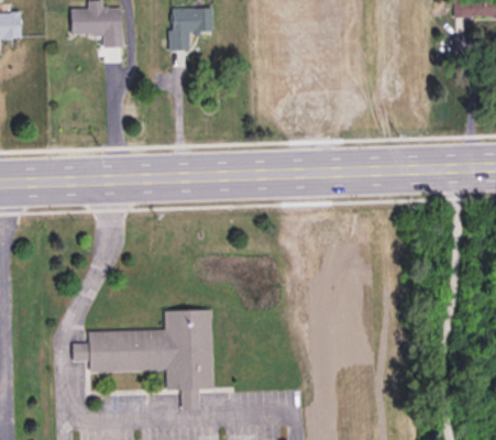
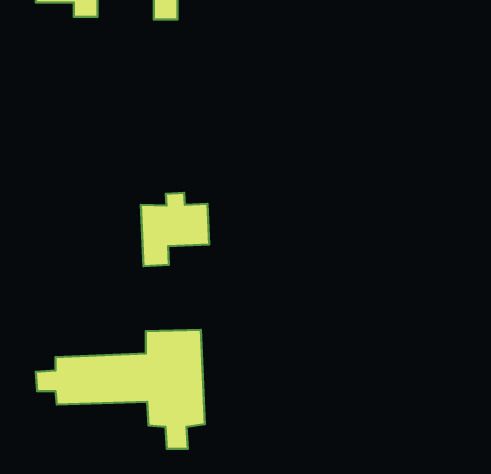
building: none -> [141,193,209,266]

